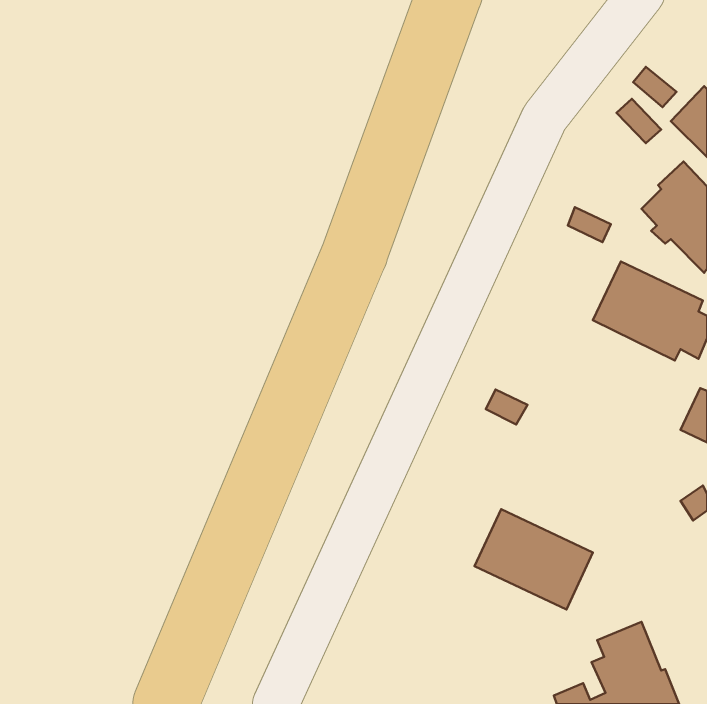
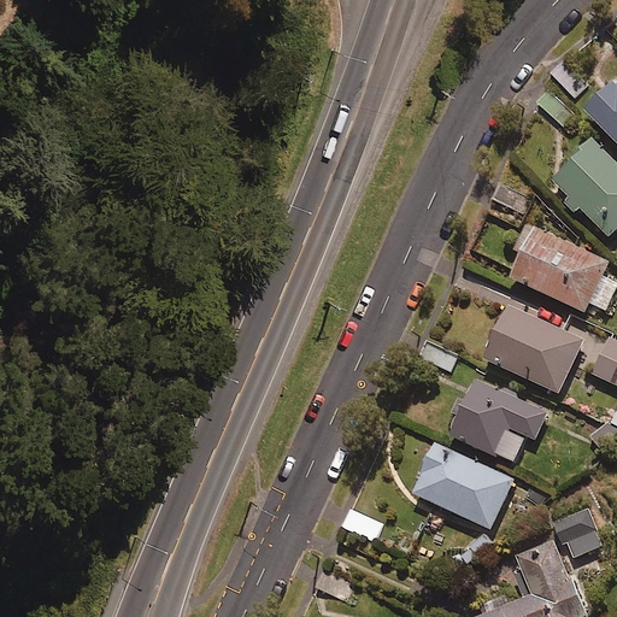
building: none -> [487,307,583,393]
building: none -> [452,380,547,462]
building: none -> [553,505,601,554]

